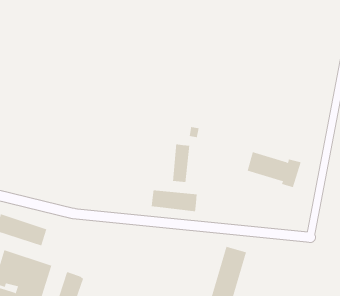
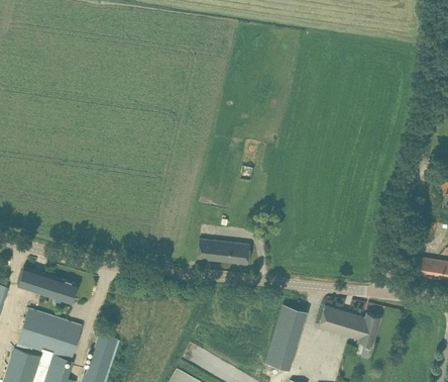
building: [173,144,190,183] -> none
building: [247,152,301,188] -> [318,305,380,347]

